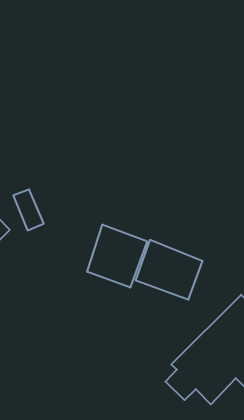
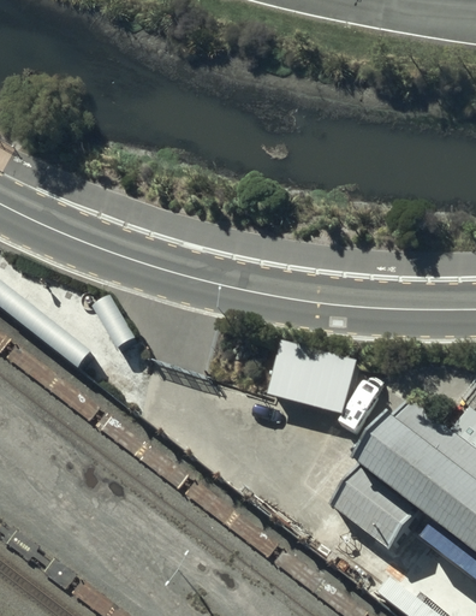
building: [87,224,147,288] -> none

